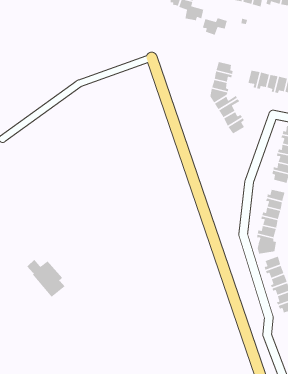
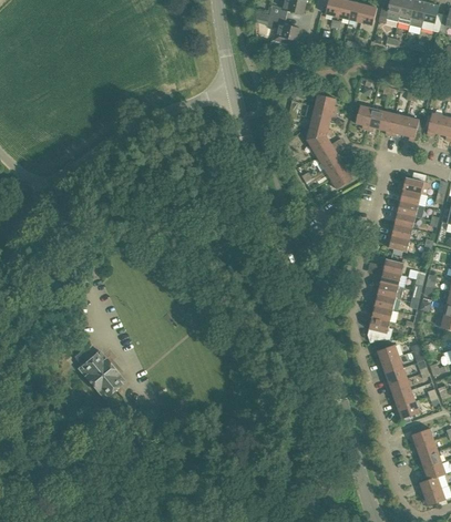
building: [202,17,228,36] -> none

